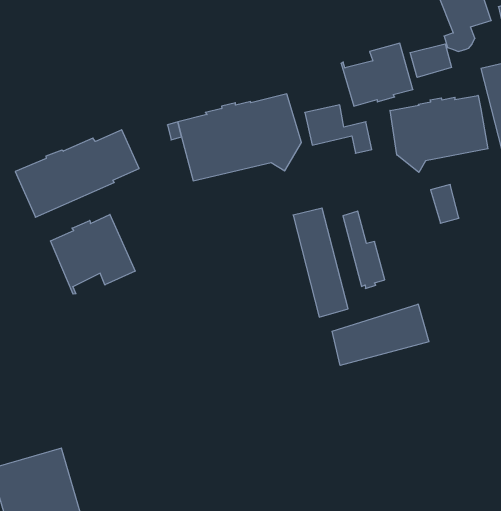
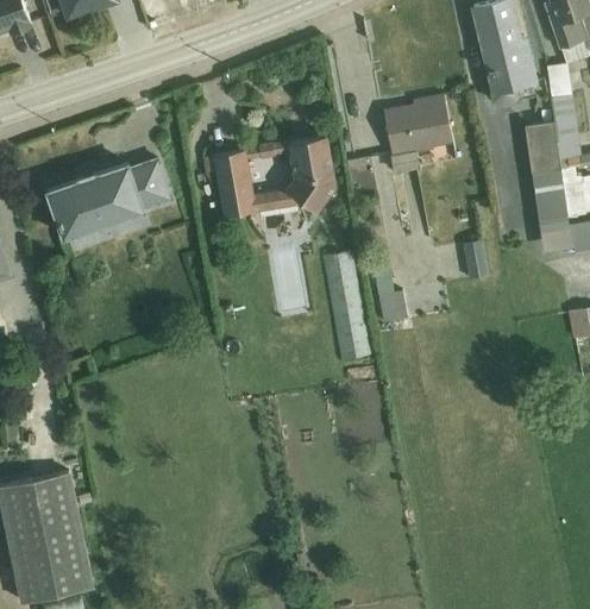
building: [410,44,452,77] -> none
building: [390,95,488,172] -> none
building: [50,214,135,294] -> none
building: [332,304,429,365] -> none

